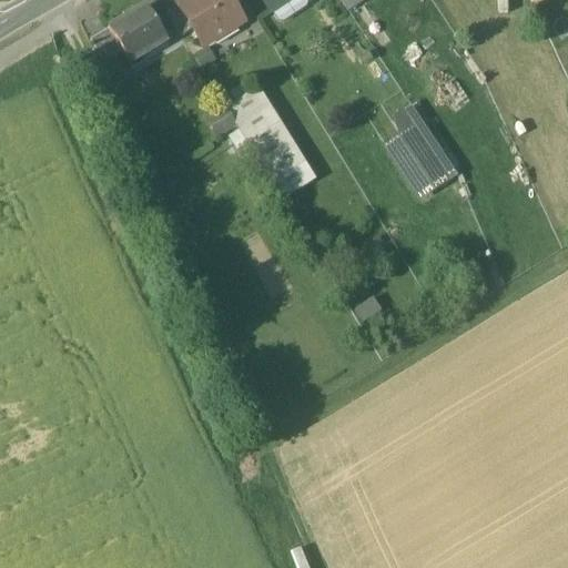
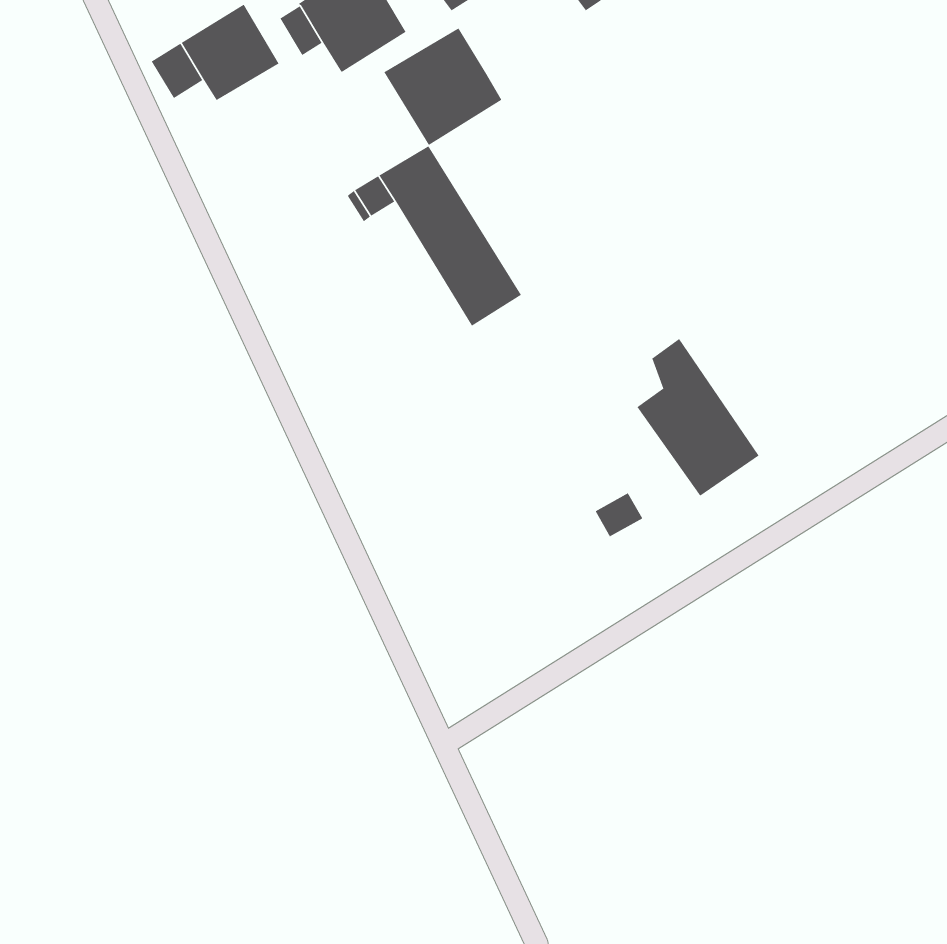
building: none -> [383,27,502,146]
building: [385,102,458,196] -> [637,338,760,497]

